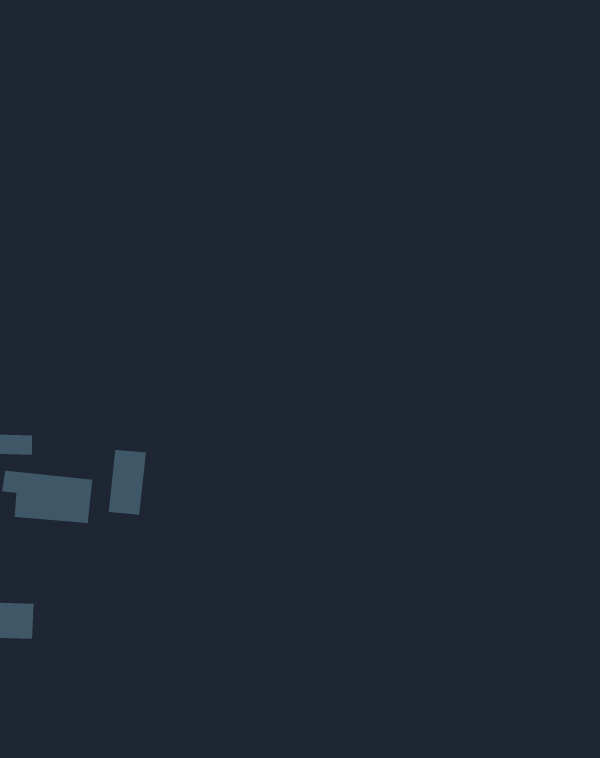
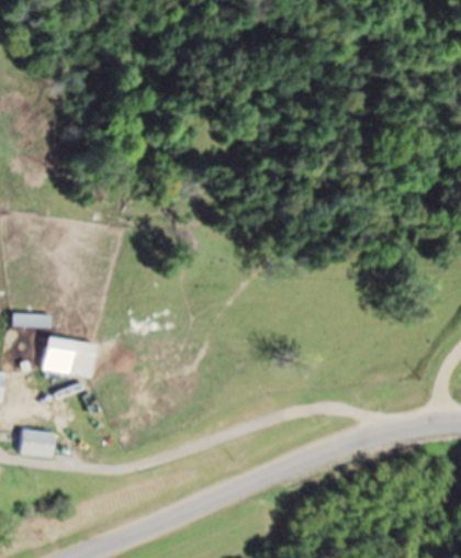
building: [108,449,147,515] -> none

